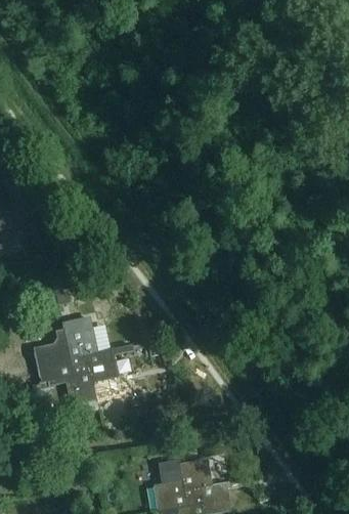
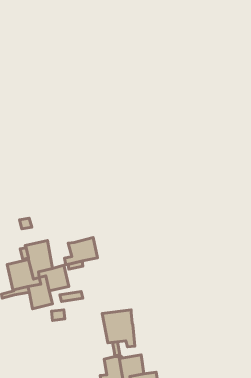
building: none -> [65,237,97,265]
building: none -> [102,310,135,347]

